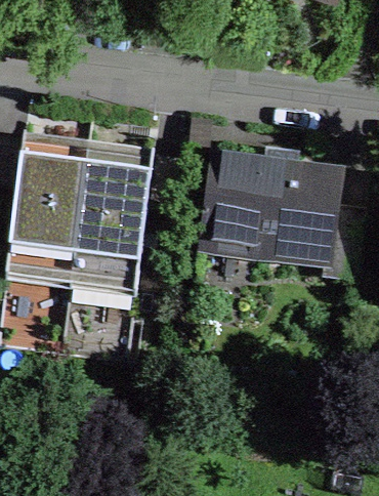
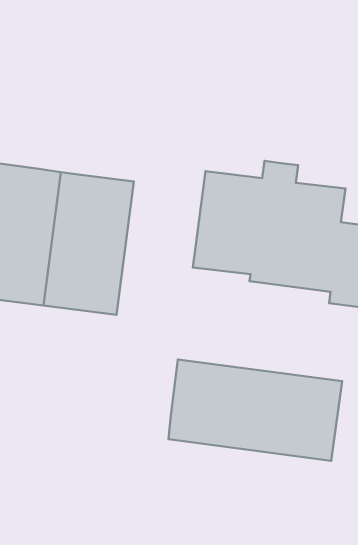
building: none -> [168,359,342,461]

